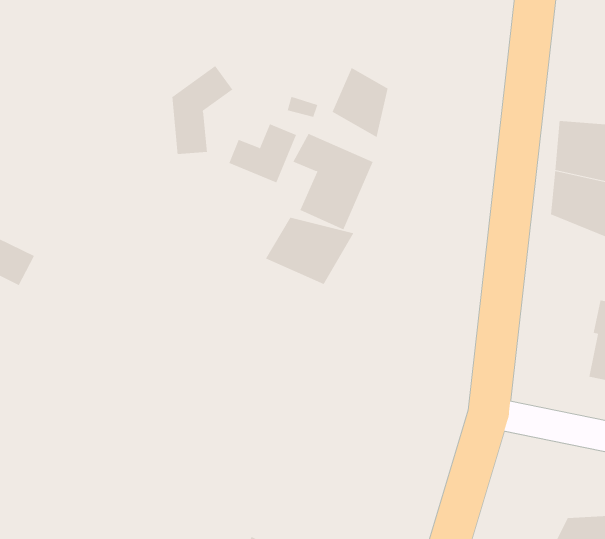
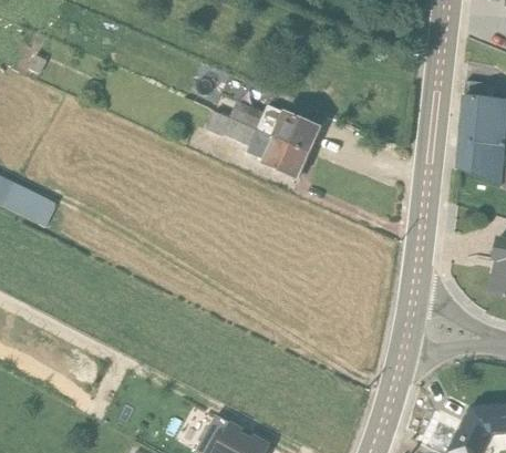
building: [172,65,233,155] -> none
building: [332,67,388,138] -> none
building: [265,217,354,285] -> none

